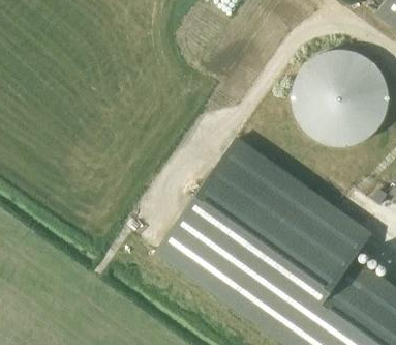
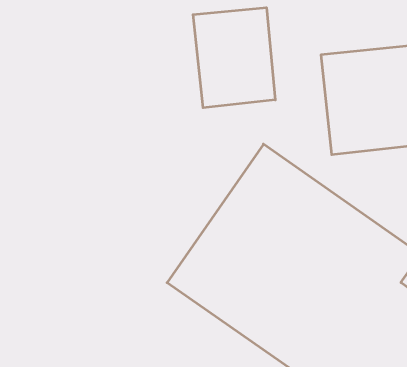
building: none -> [193,8,275,108]

